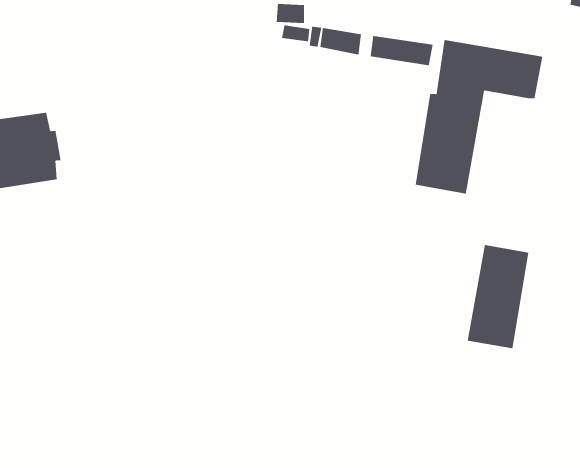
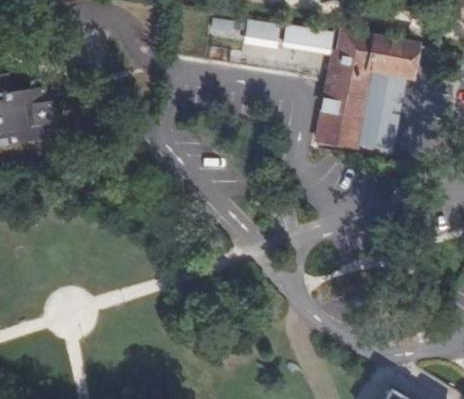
building: [467,244,529,349] -> [358,72,405,151]

